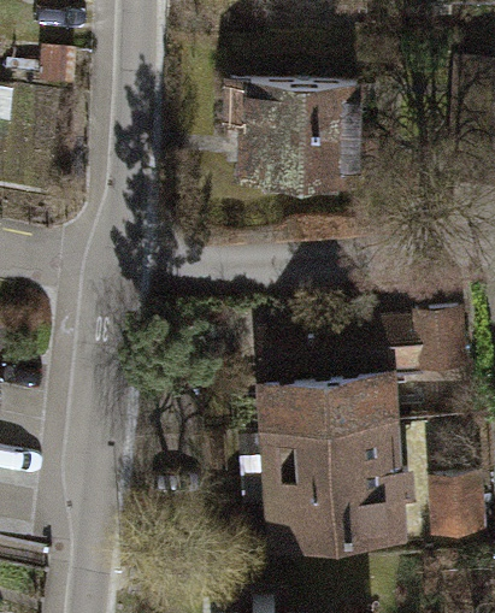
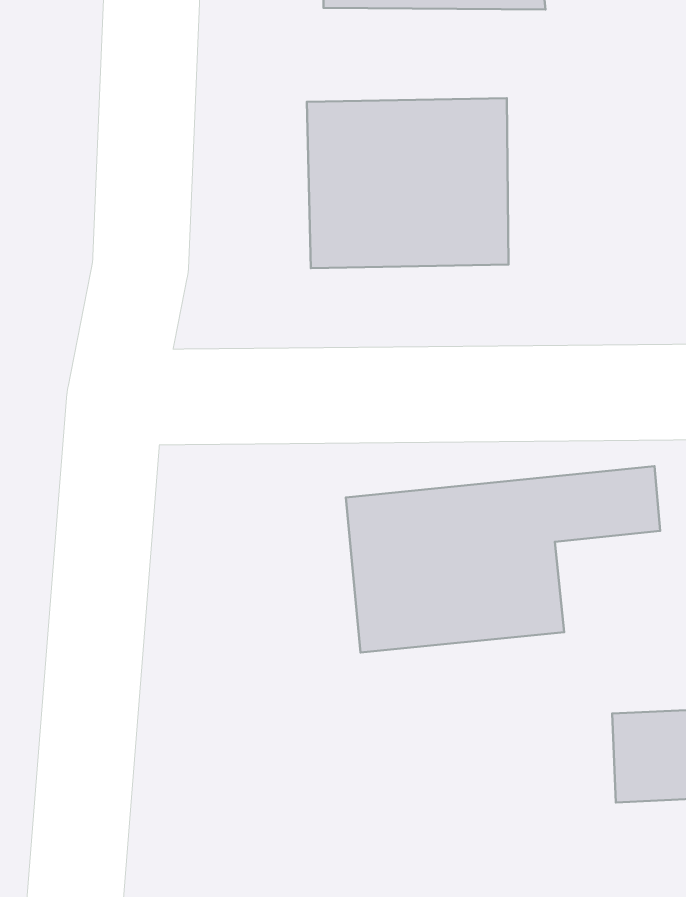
building: [265,434,407,544] -> none

